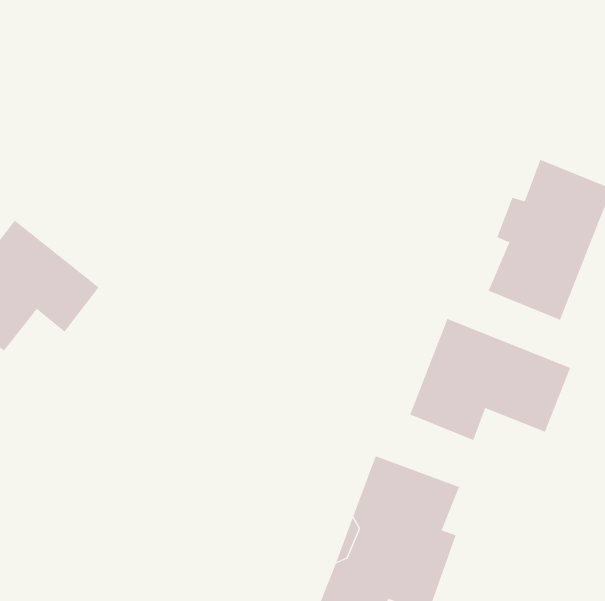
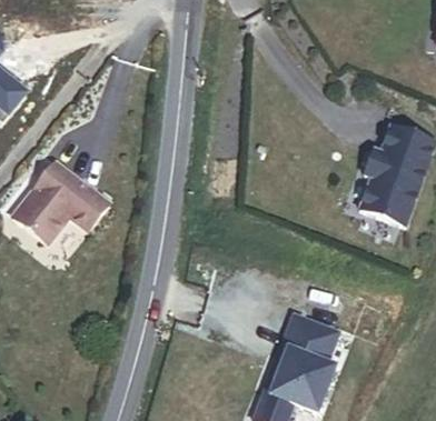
building: [409,318,571,441] -> none

